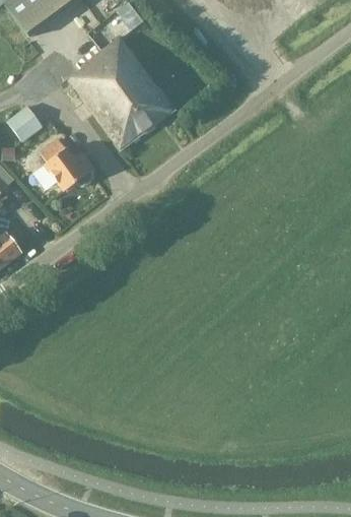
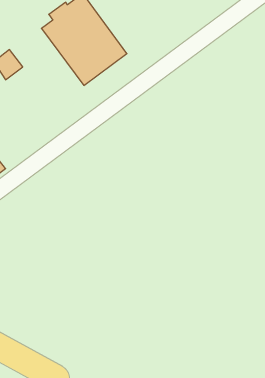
building: [32,138,96,191] -> none

